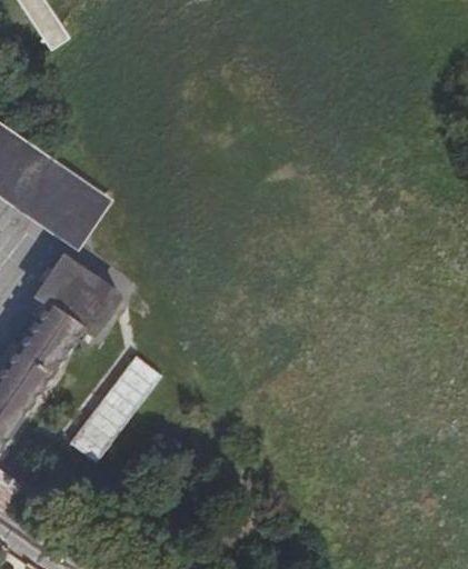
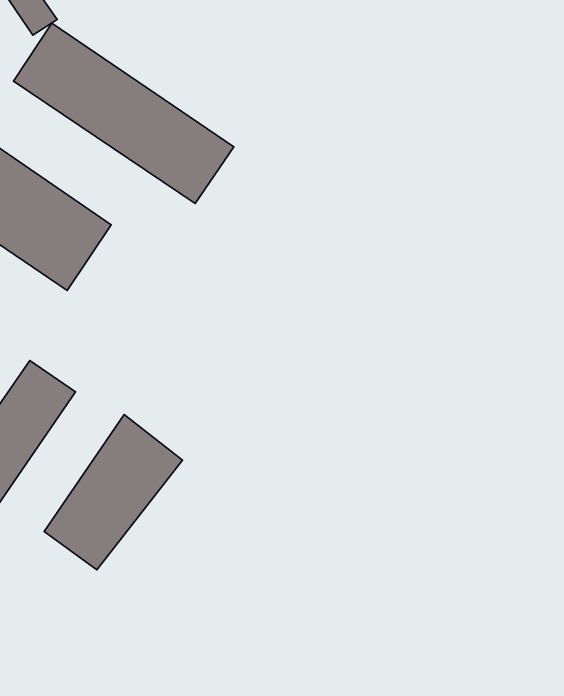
building: none -> [13,23,234,204]
building: [36,259,119,335] -> none

